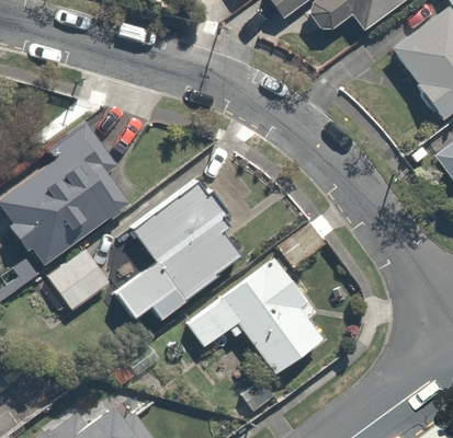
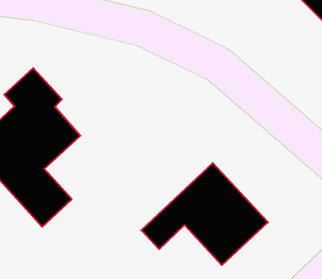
building: [120,181,257,321] -> none

